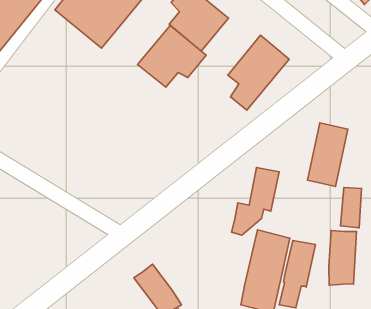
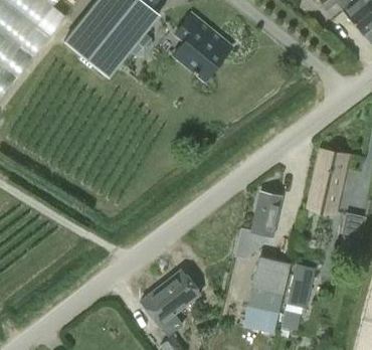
building: [138,25,206,87] -> none
building: [228,35,289,110] -> none
building: [329,231,357,285] -> none
building: none -> [159,271,201,313]

